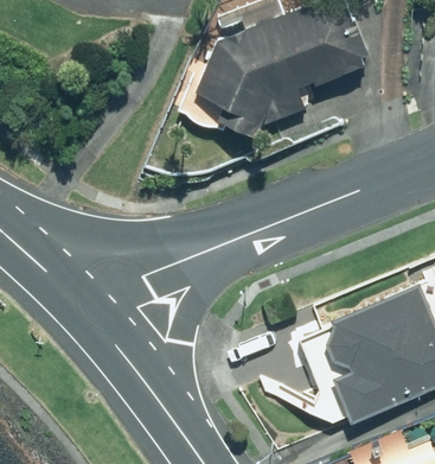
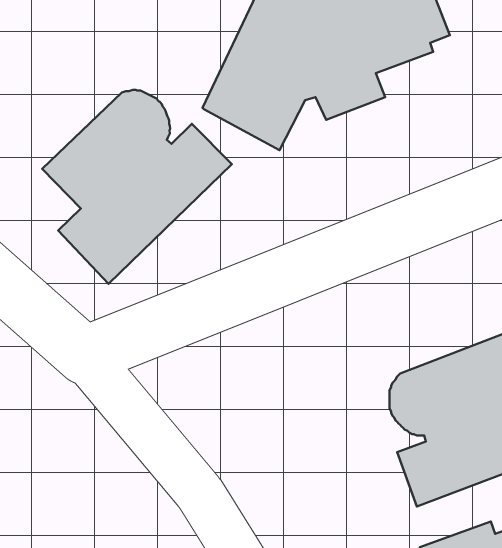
building: none -> [42,90,232,284]

